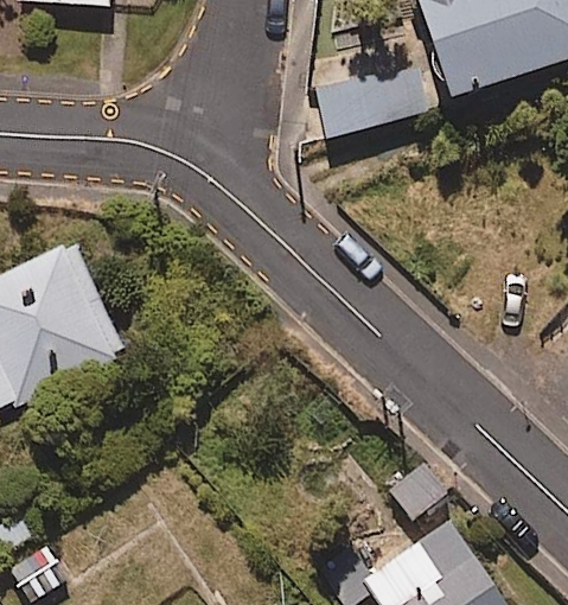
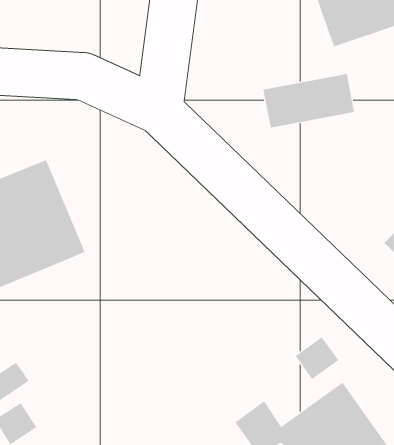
building: [307,69,423,138] -> [263,73,355,128]

